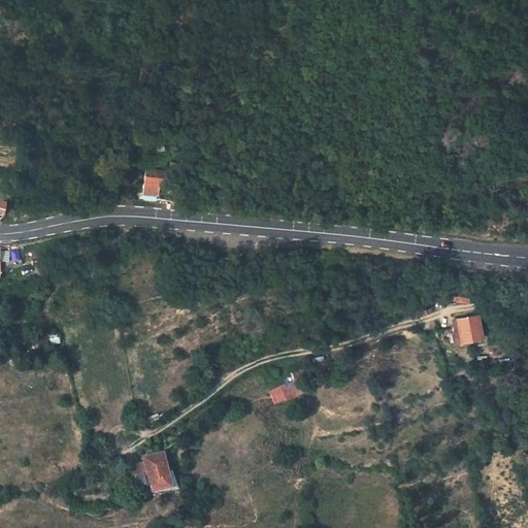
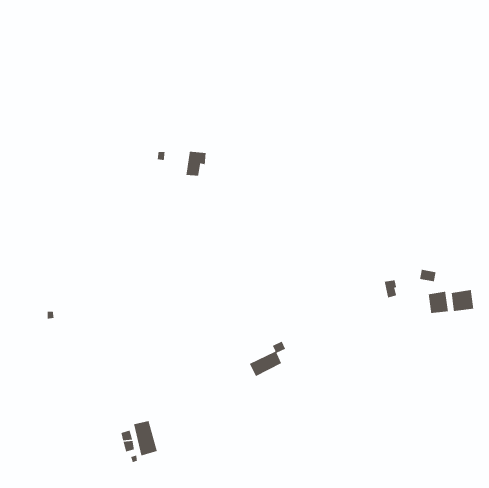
building: [141,166,164,194] -> [185,151,206,177]
building: none -> [451,289,474,312]

